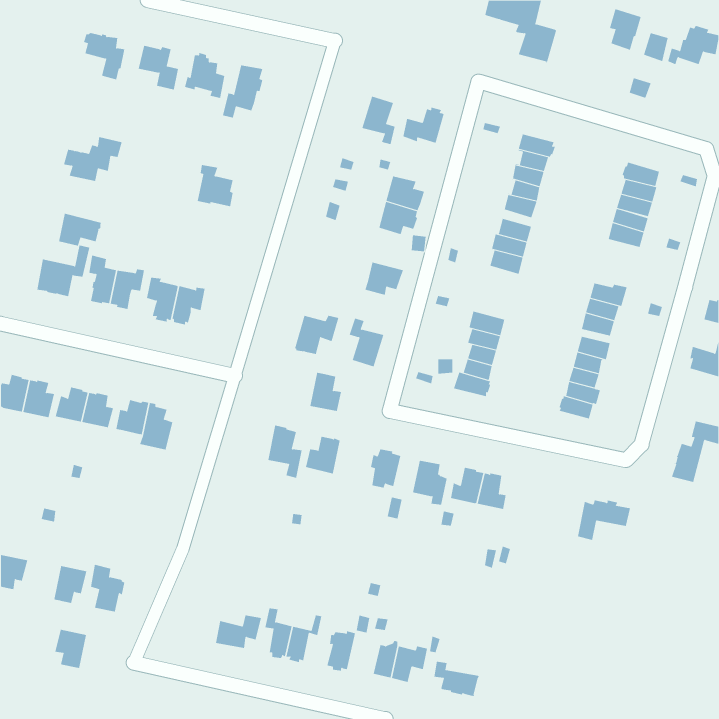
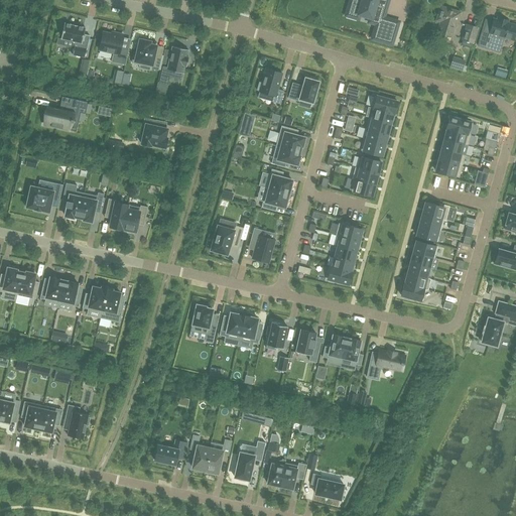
building: [58,213,101,247] -> none
building: none -> [266,169,292,194]
building: [309,372,342,412] -> [239,315,262,344]
building: [577,500,631,541] -> [367,351,405,380]
building: [54,629,87,669] -> [20,401,43,429]

